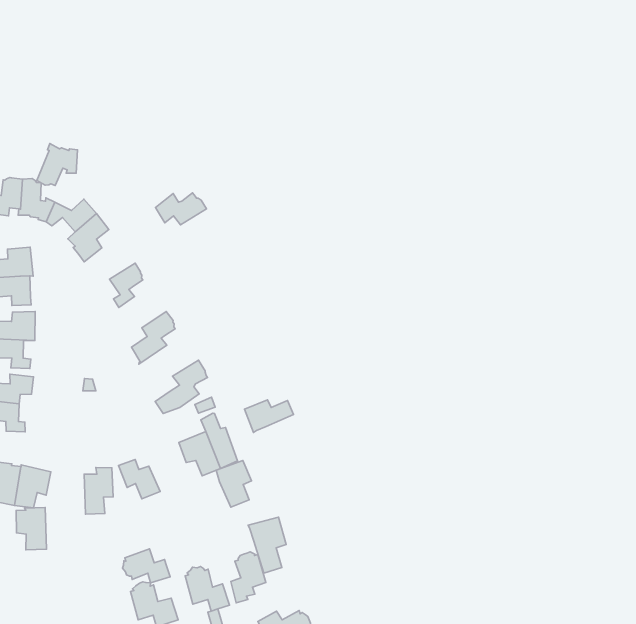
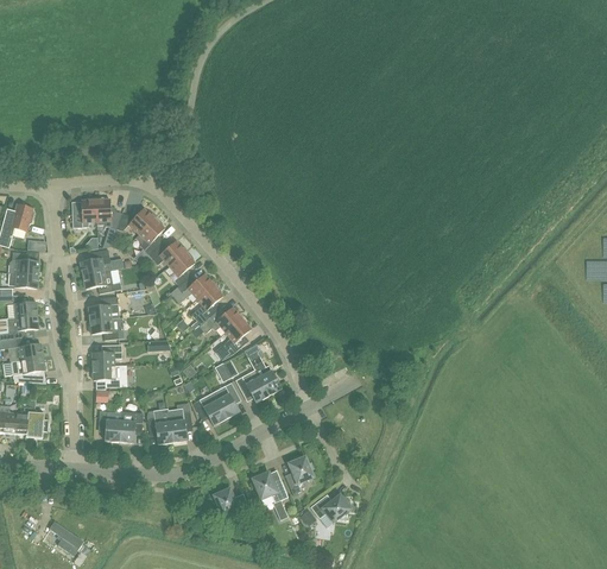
building: [37,143,77,185] -> none
building: [156,193,206,225] -> [148,239,186,264]
building: none -> [170,272,214,302]
building: none -> [198,305,242,331]
building: [245,400,294,432] -> none
building: [216,461,252,507] -> [211,381,239,417]
building: [16,508,47,550] -> [146,410,172,443]
building: [248,517,286,573] -> none
building: [122,549,170,583] -> none

